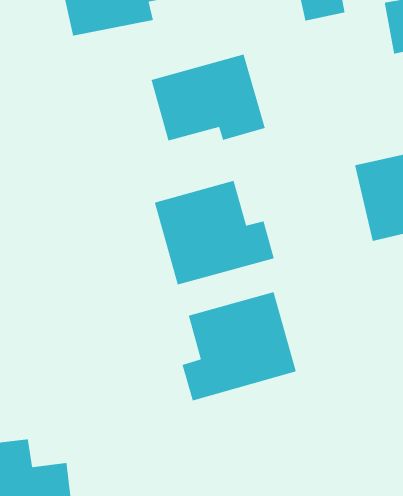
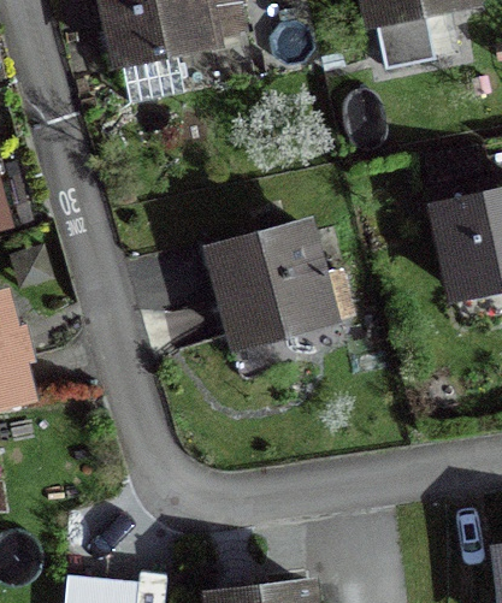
building: [150,53,266,142] -> none
building: [182,291,297,402] -> none

